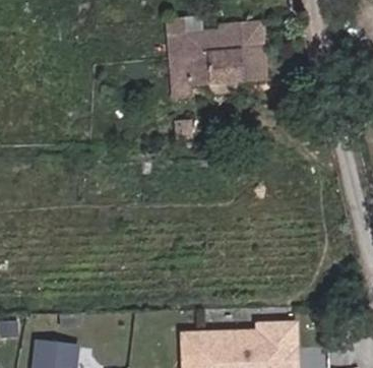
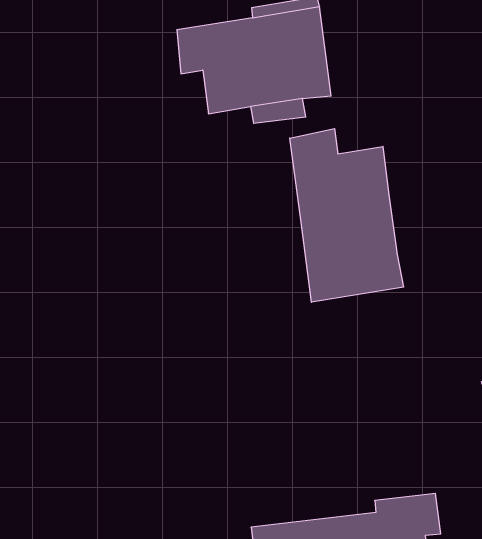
building: none -> [290,129,403,302]

